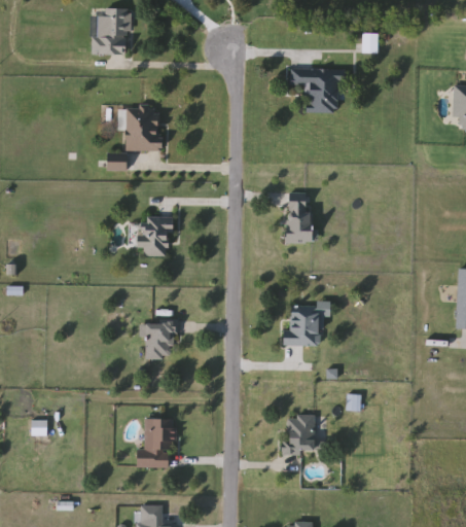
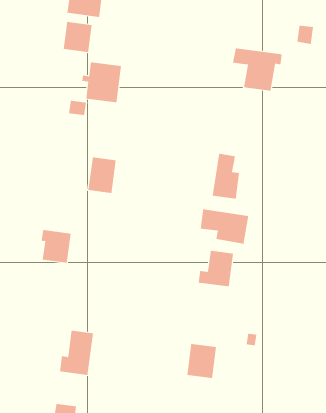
building: none -> [63,21,92,53]
building: none -> [200,209,249,244]
building: [139,323,173,358] -> [41,230,71,263]

